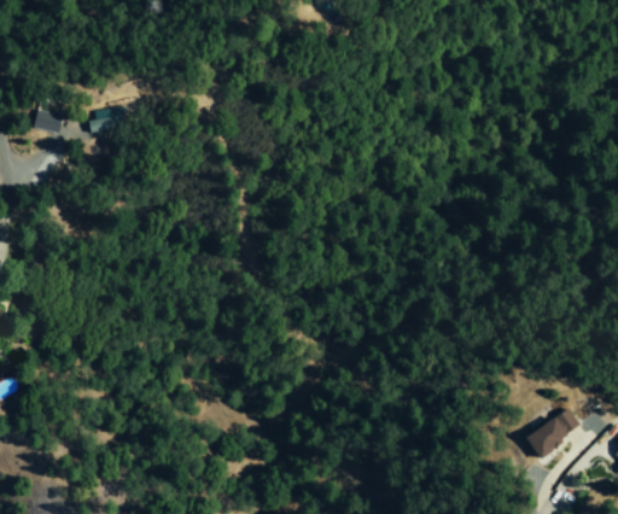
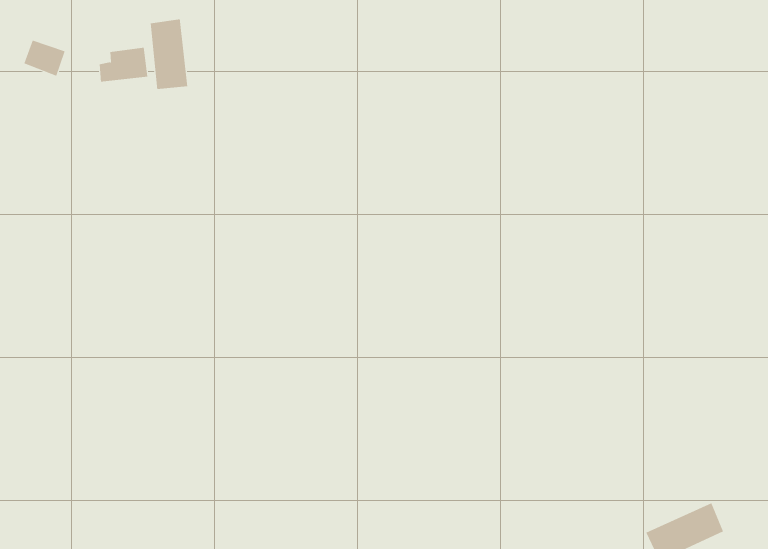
building: none -> [150,19,188,90]

